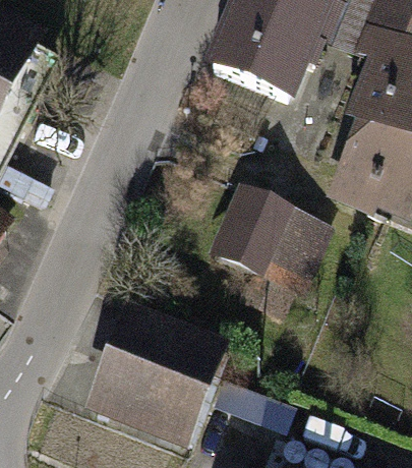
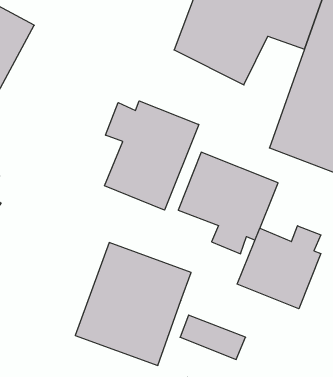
building: none -> [104,101,199,210]
building: none -> [237,226,321,309]

